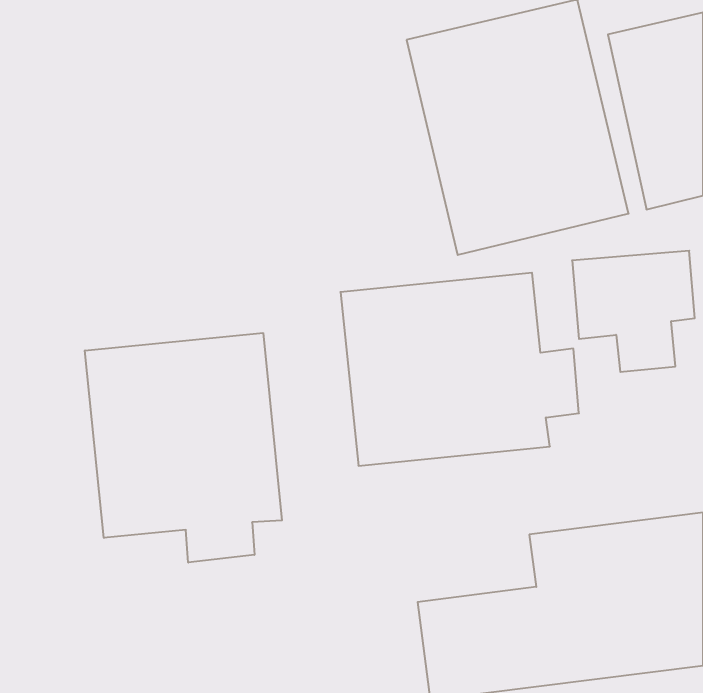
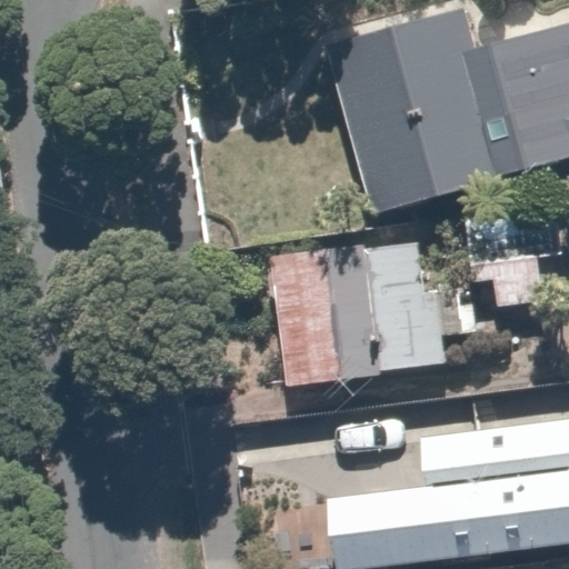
building: [85,333,282,563] -> none

